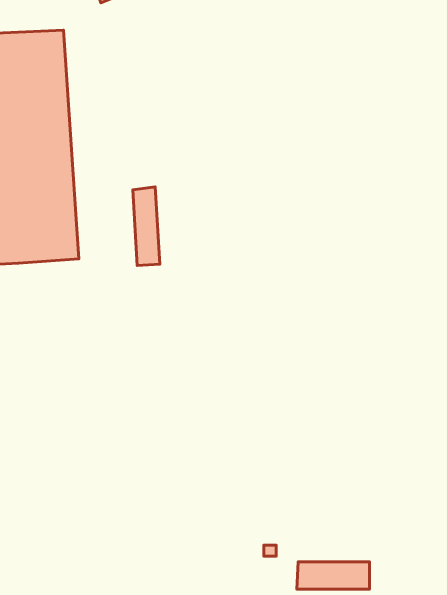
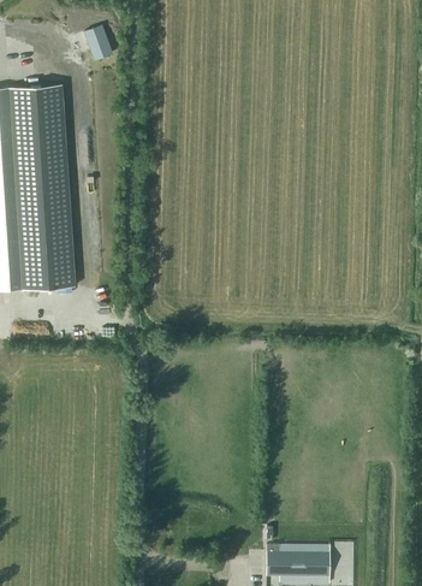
building: [133,187,160,266] -> none

